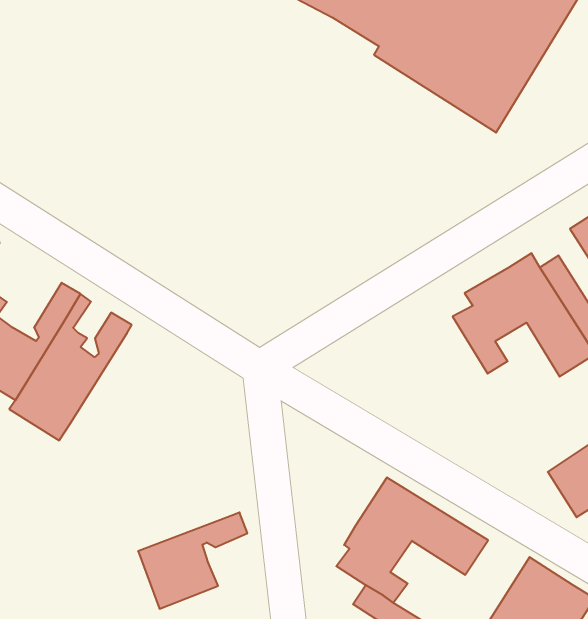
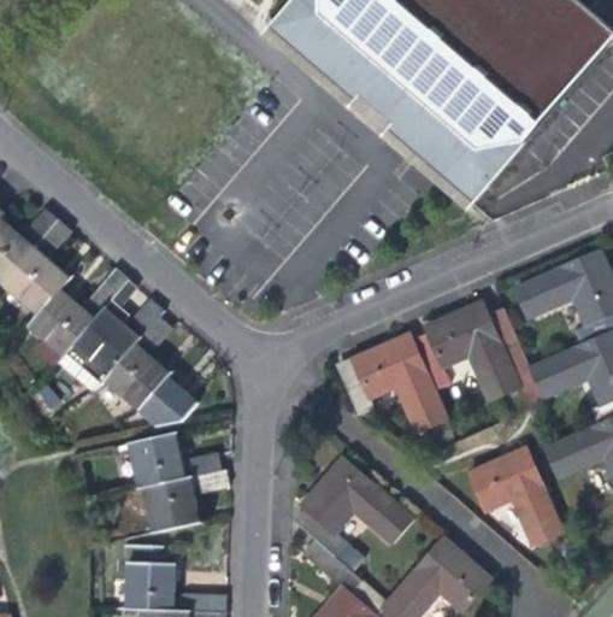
building: none -> [337,333,447,431]
building: none -> [105,316,198,424]
building: none -> [126,431,220,487]

